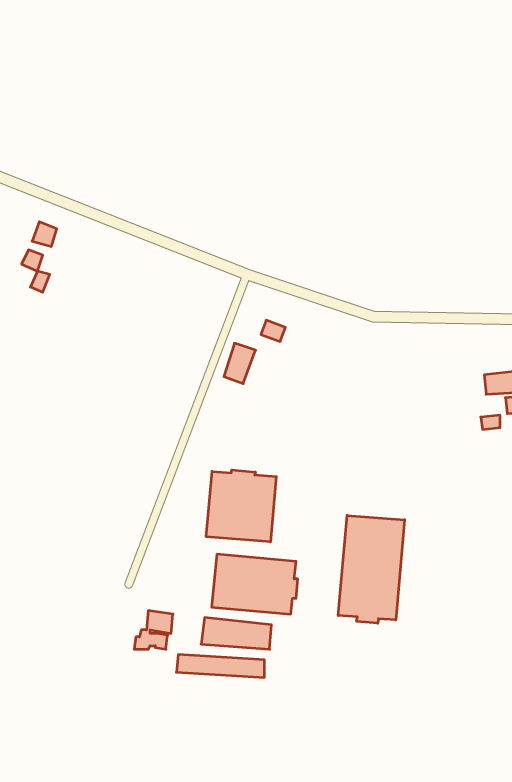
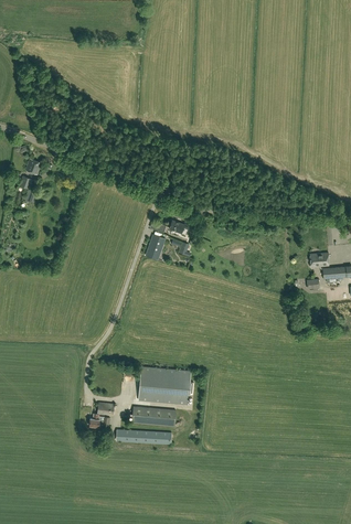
building: [206,470,276,542] -> none
building: [338,515,405,623] -> none

